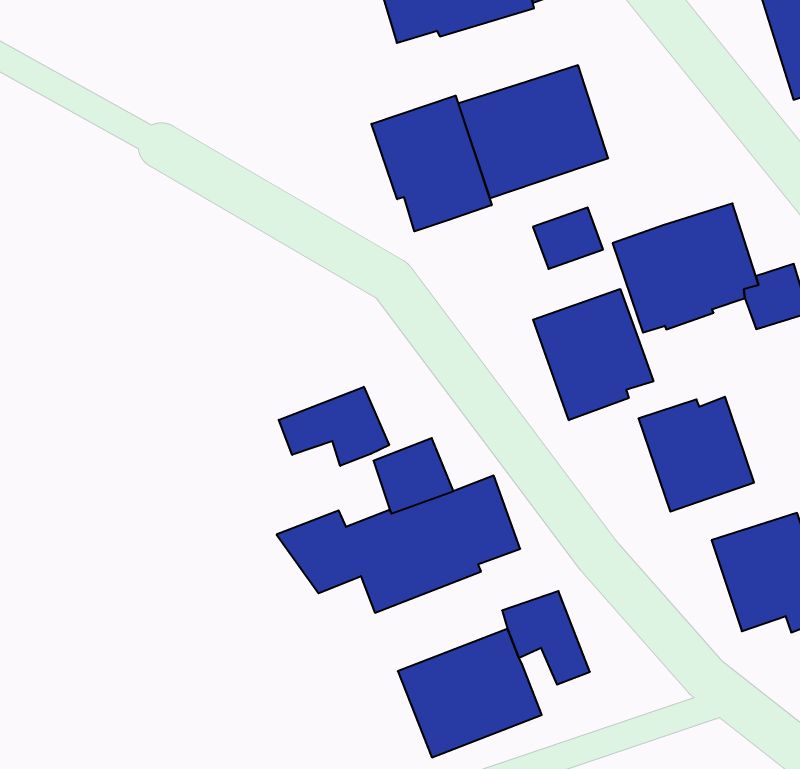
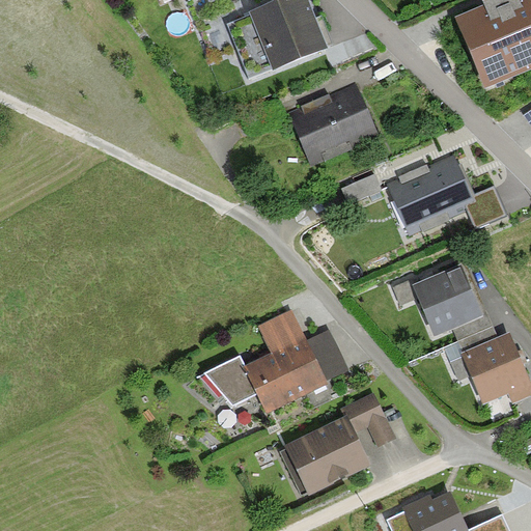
building: [371,96,492,231] -> none
building: [533,289,653,420] -> none
building: [279,387,389,466] -> none

